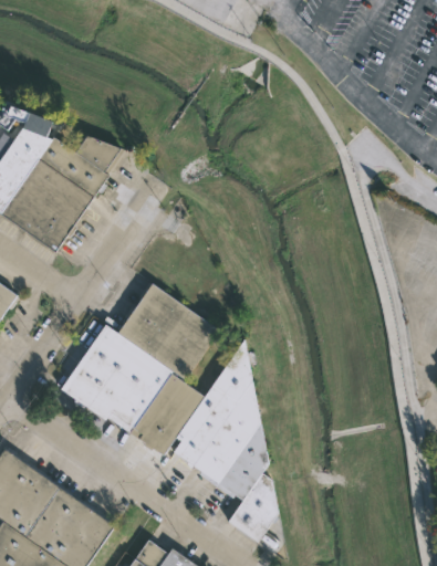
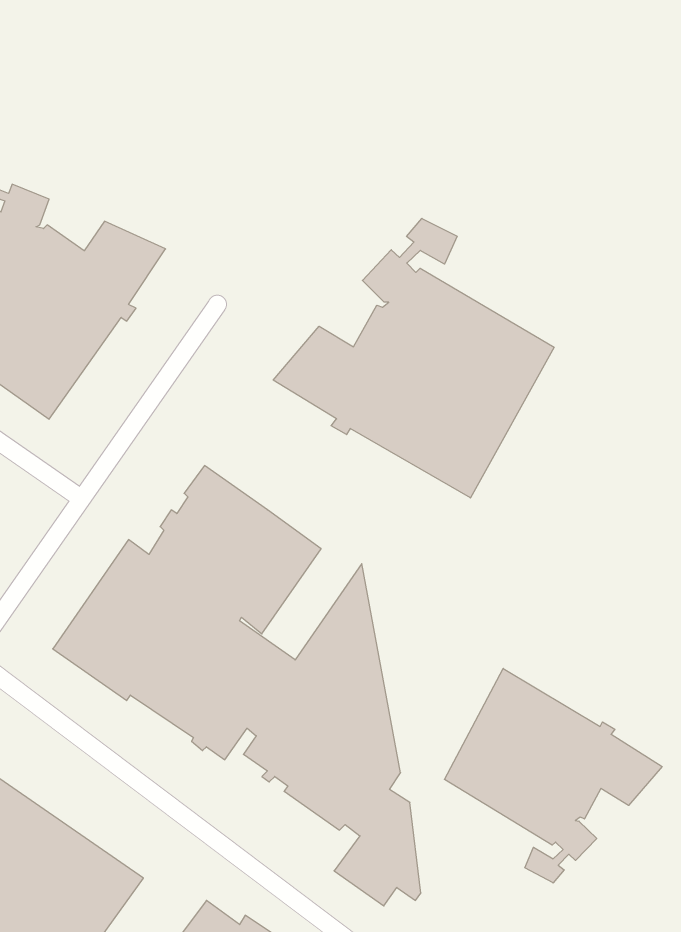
building: none -> [273,218,554,498]
building: none -> [444,668,662,883]

